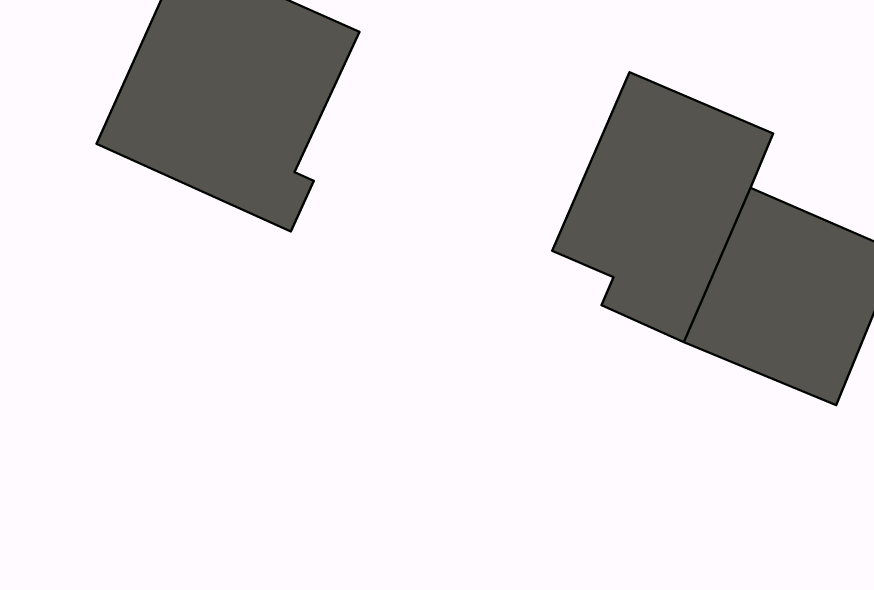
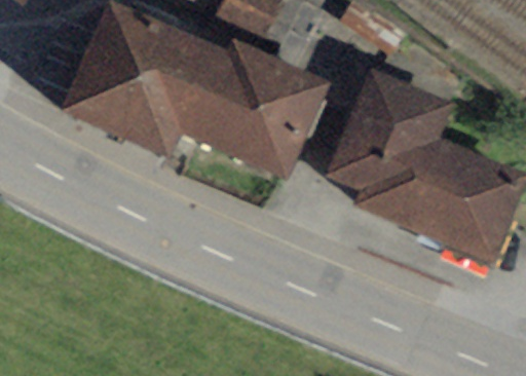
building: none -> [175,38,333,179]

